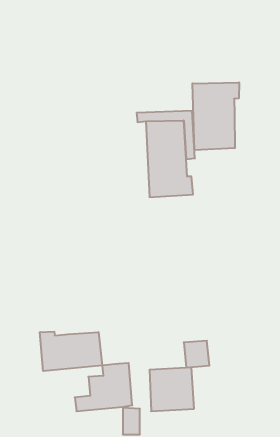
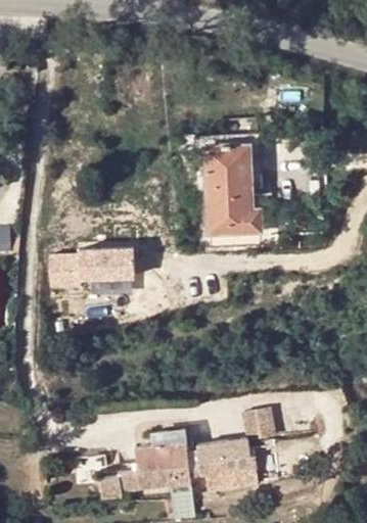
building: [192,82,239,150] -> none
building: none -> [49,247,144,287]
building: [40,332,102,371] -> none

